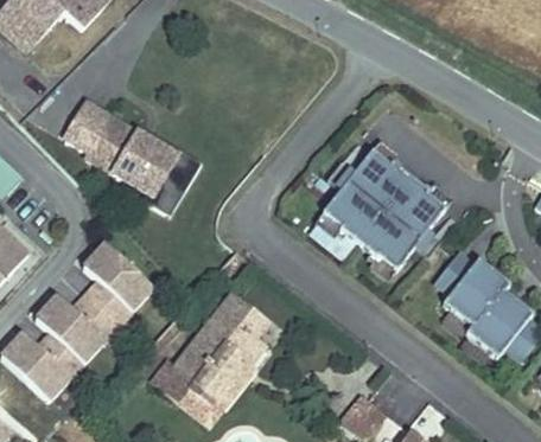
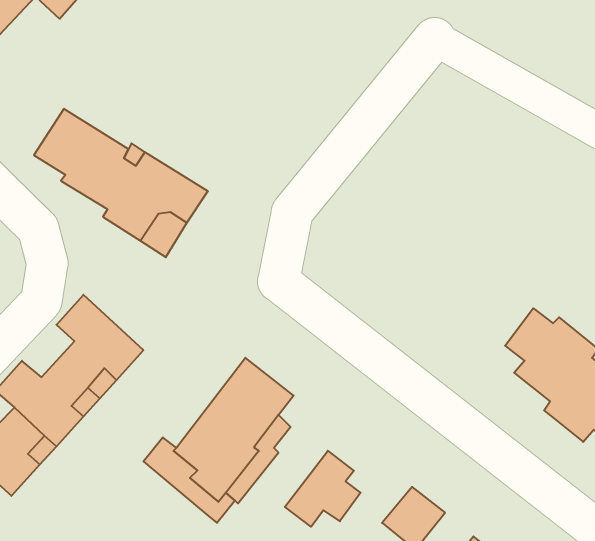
building: [324,150,446,270] -> none
building: none -> [285,451,361,527]

